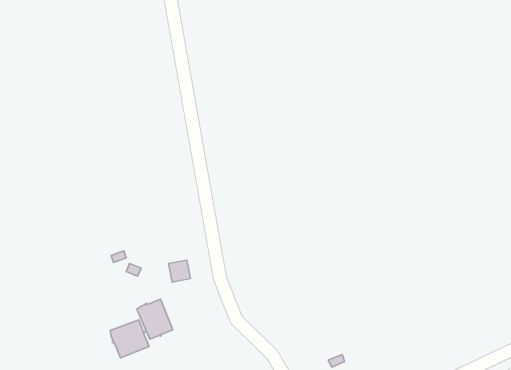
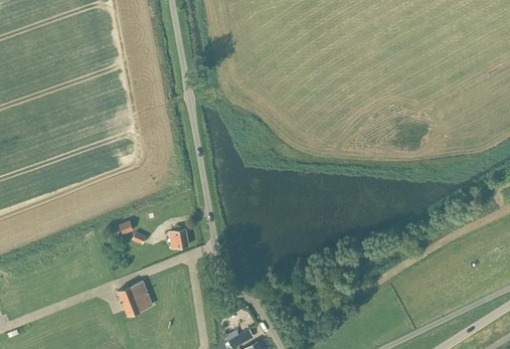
building: [137,299,173,339] -> none

